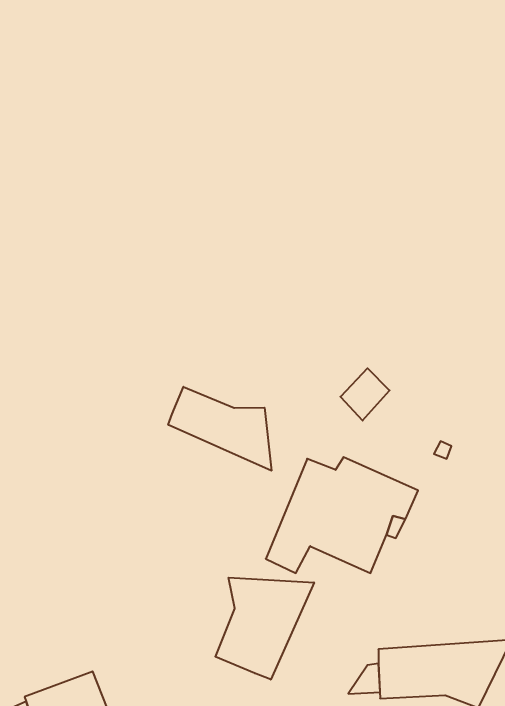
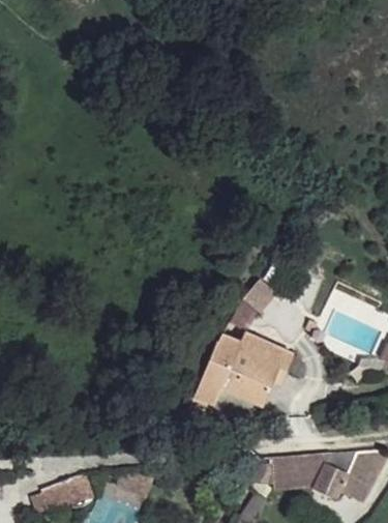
building: [168,387,271,471] -> none
building: [215,578,314,680] -> none

